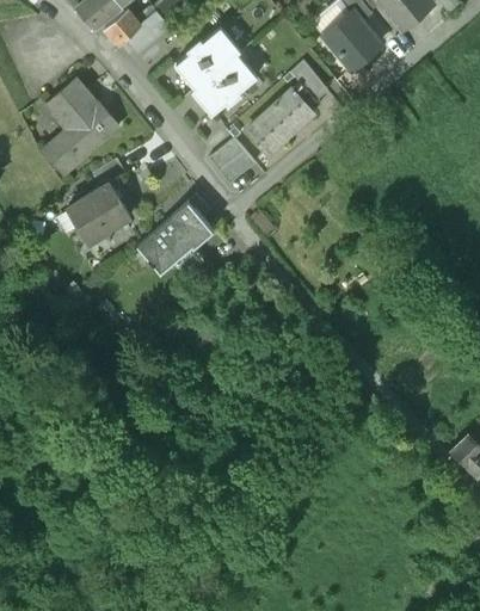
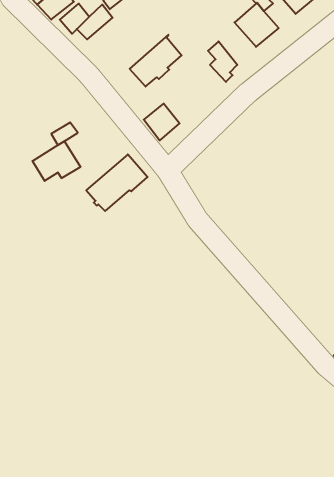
building: [174,26,240,92] -> none
building: [45,80,118,174] -> none
building: [247,87,313,150] -> none

